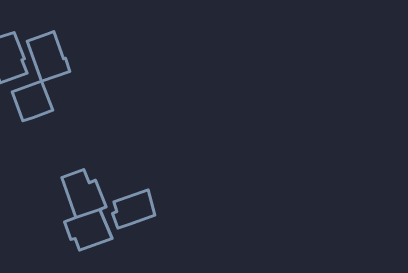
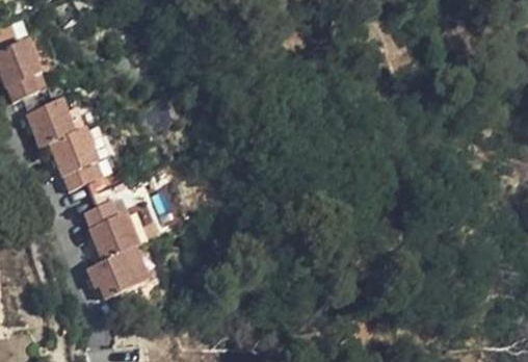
building: [27,32,70,81] -> [52,129,102,187]
building: [113,190,155,228] -> none

